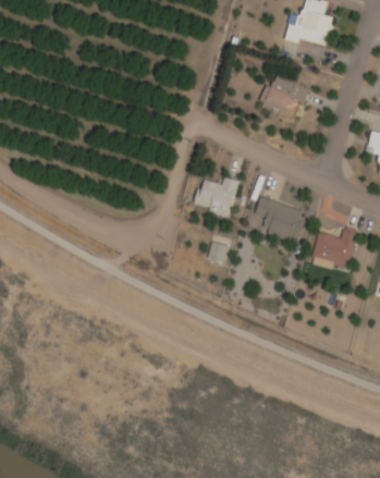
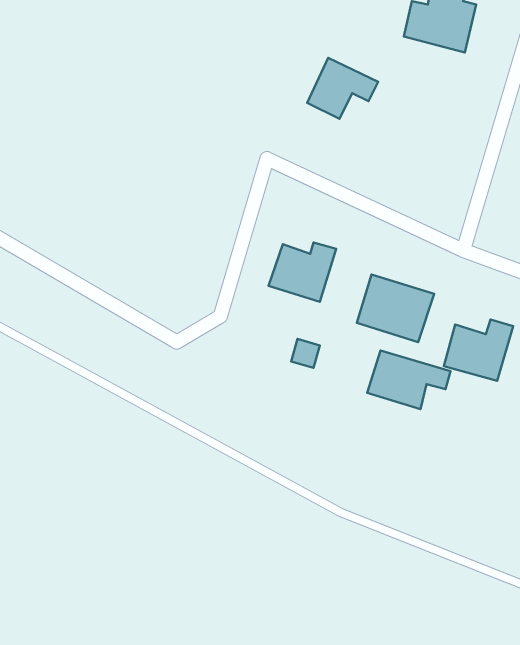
building: [261,72,309,113] -> [307,58,378,119]
building: none -> [367,350,451,409]

